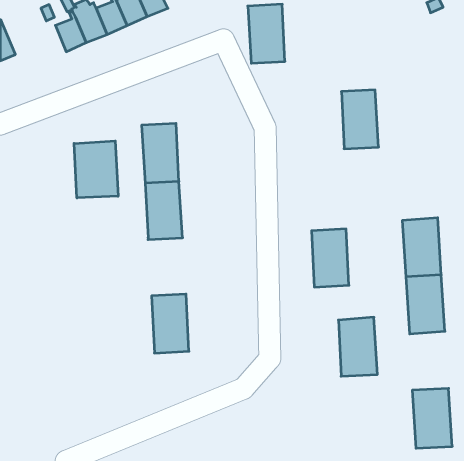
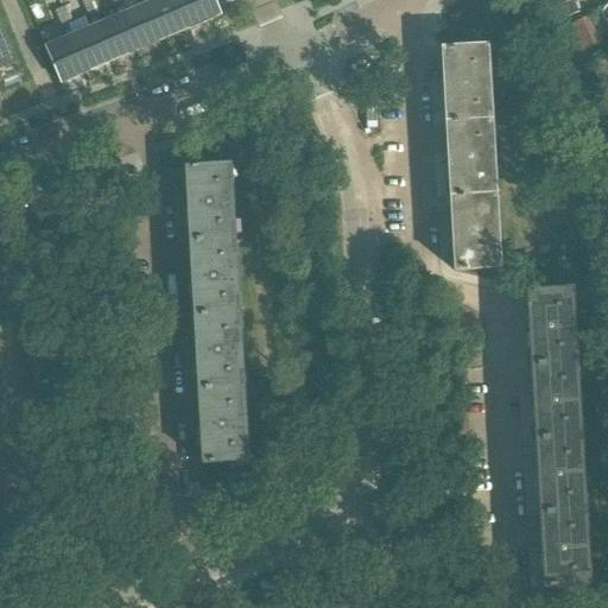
building: [248,4,285,63] -> [442,43,490,120]
building: none -> [45,26,87,78]
building: [74,141,118,198] -> none
building: [312,229,349,287] -> [450,192,499,268]
building: none -> [194,311,243,387]
building: [338,317,377,376] -> [536,433,587,511]

